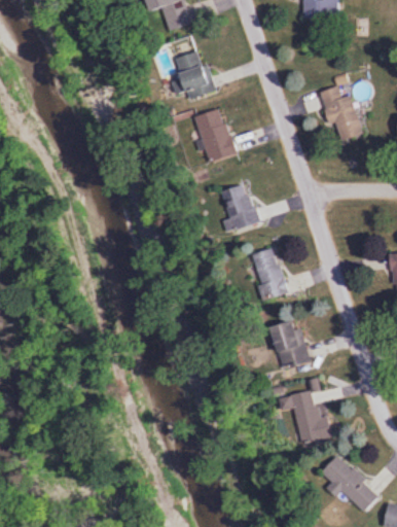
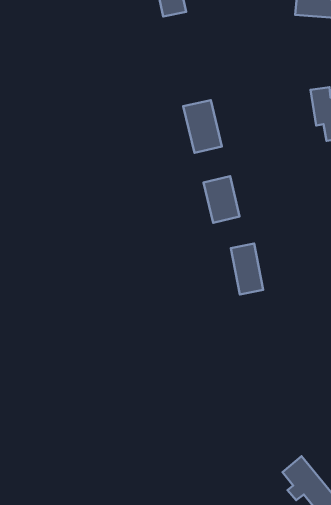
building: [170,49,214,99] -> none
building: [268,321,310,368] -> none
building: [279,390,330,443] -> none

